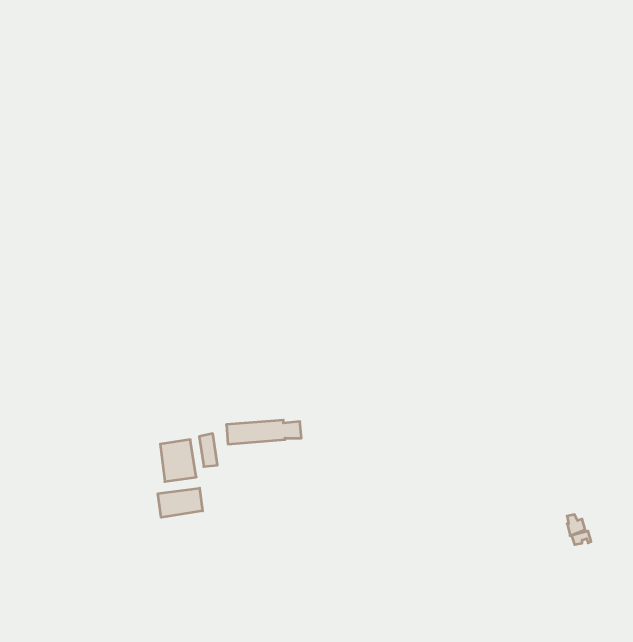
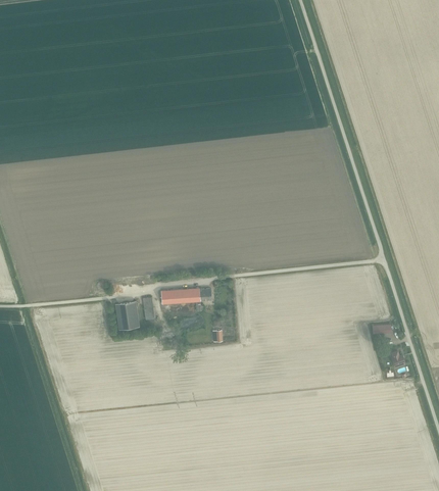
building: [158,488,203,517] -> none

